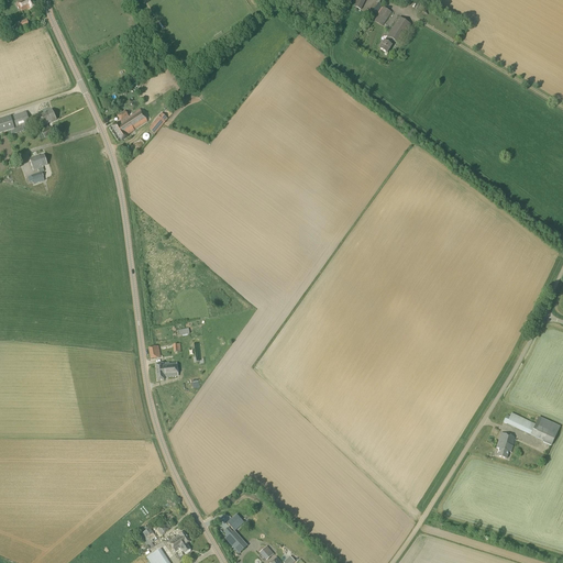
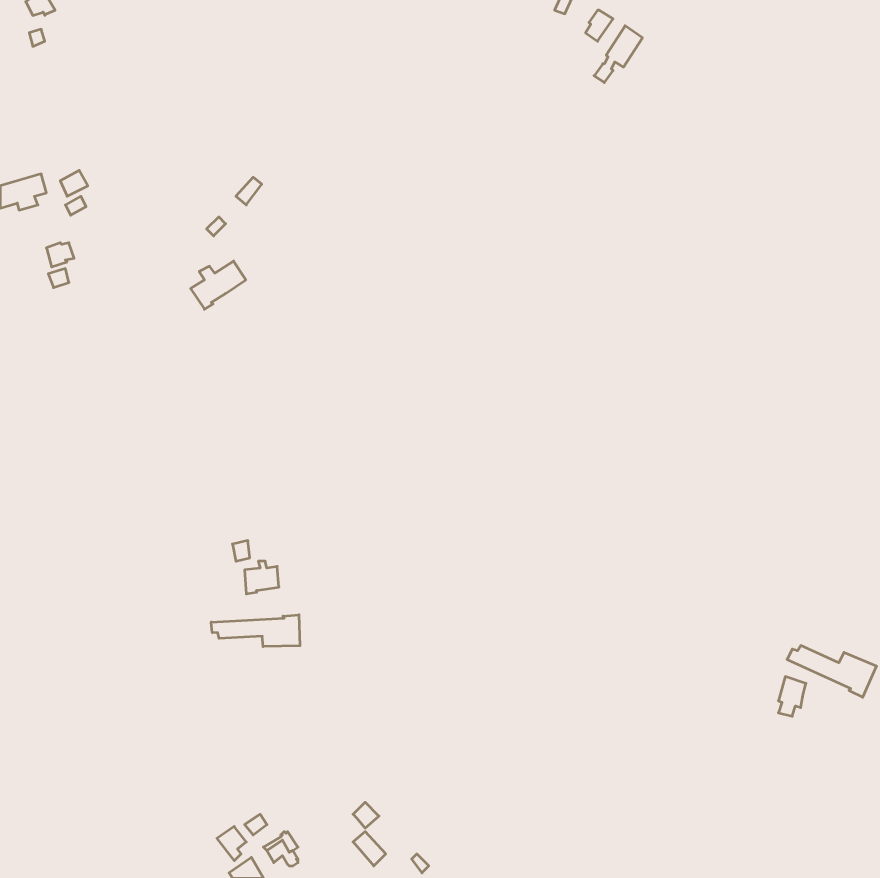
building: [112,109,147,140] -> [191,261,246,309]
building: none -> [211,615,300,647]

